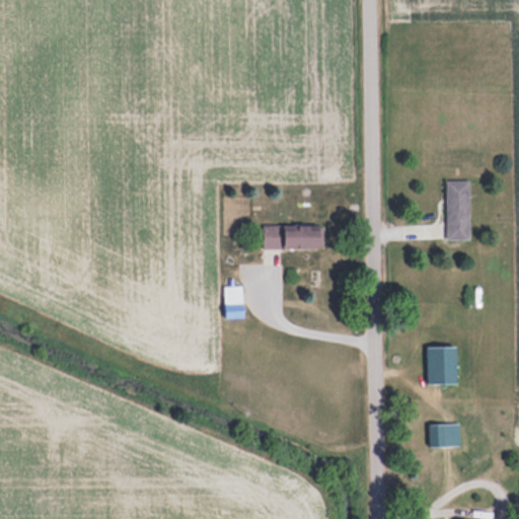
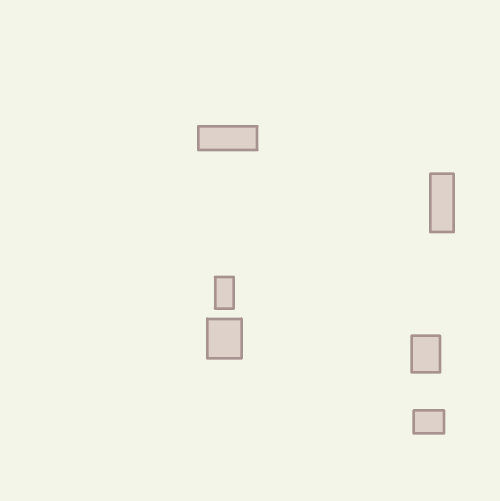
building: [263,225,323,249] -> [198,126,257,150]
building: none -> [207,319,241,358]

